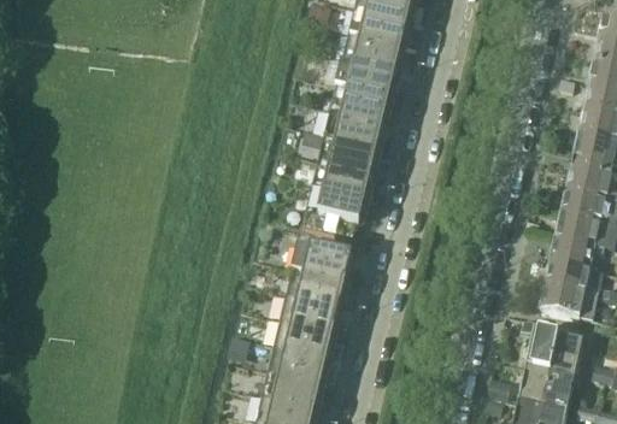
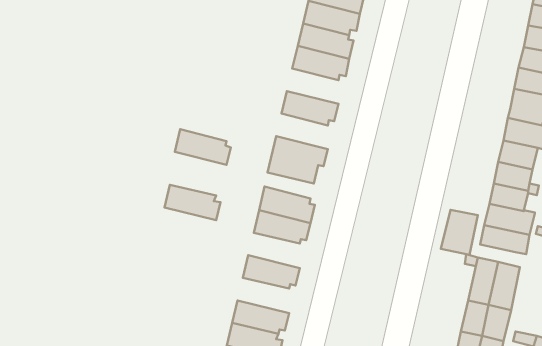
building: [325,107,388,147] -> none
building: [313,158,376,198] -> [175,129,231,165]
building: none -> [441,210,478,255]
building: [282,292,345,331] -> [165,185,220,220]
building: [270,342,333,382] -> none

